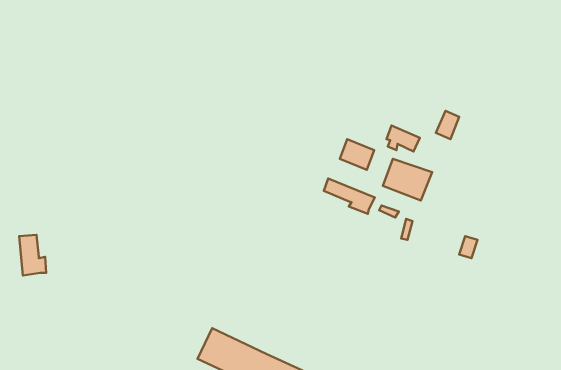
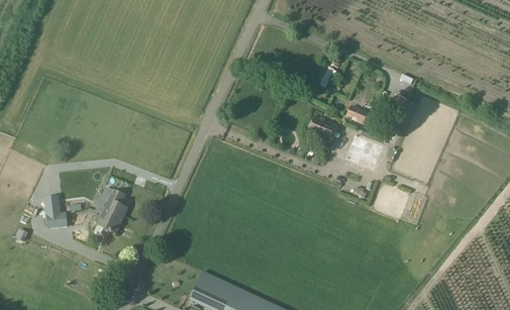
building: [324,178,375,214] -> none
building: none -> [95,186,126,232]

